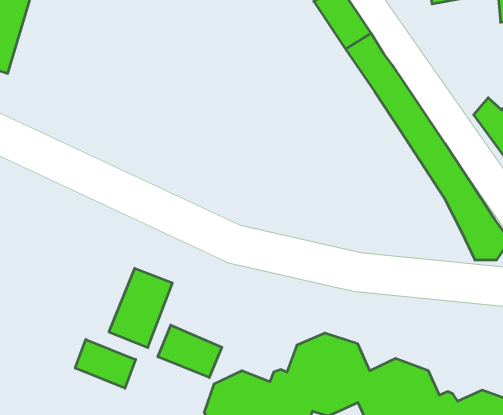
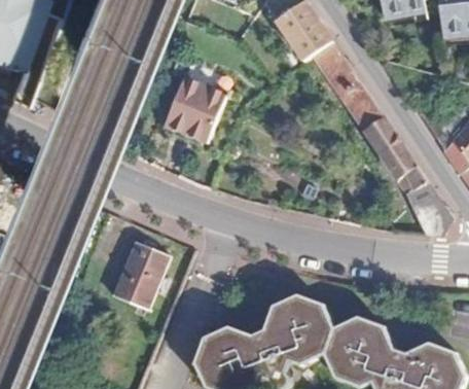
building: none -> [165,79,225,140]
building: [158,325,222,378] -> none
building: [75,339,136,388] -> none

